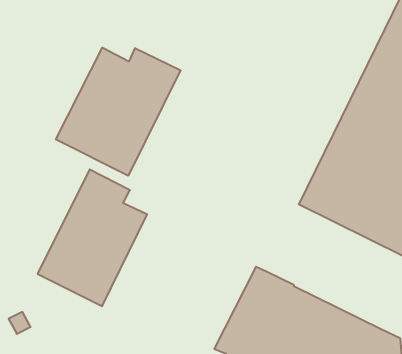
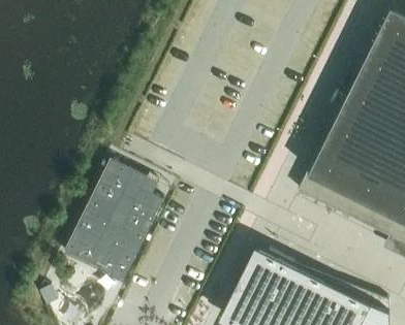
building: [56,48,181,176] -> none

